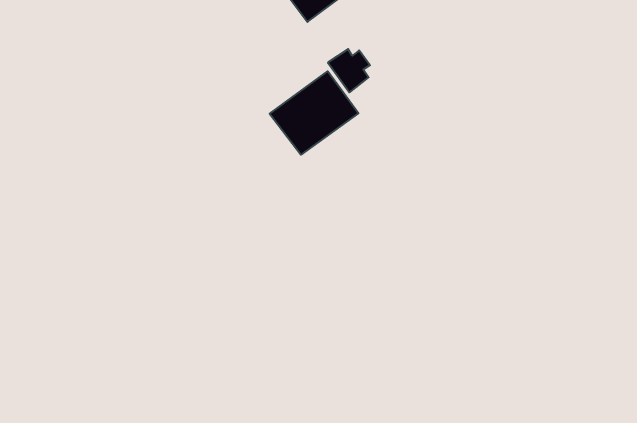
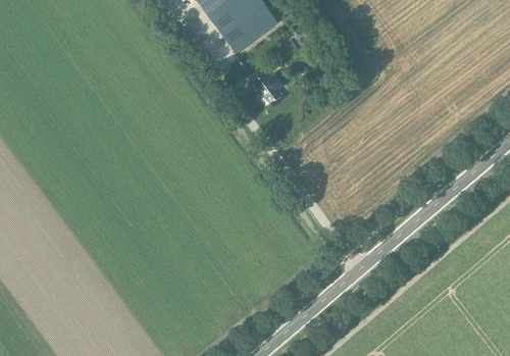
building: [270,71,358,155] -> none

